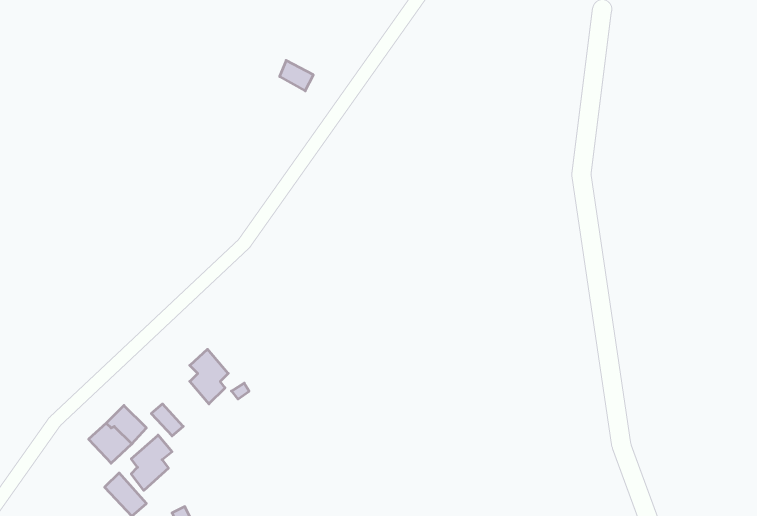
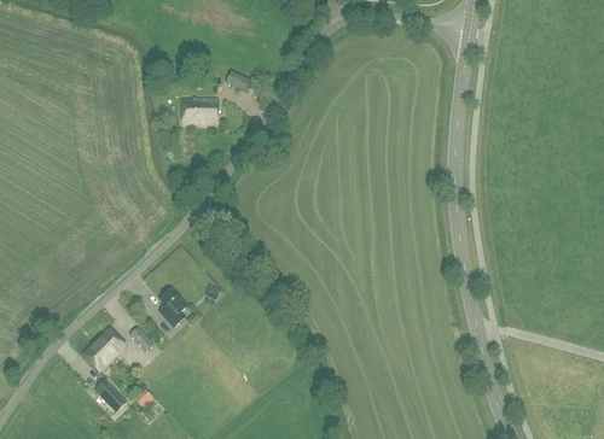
building: none -> [181,98,217,124]
building: [131,435,172,490] -> none

